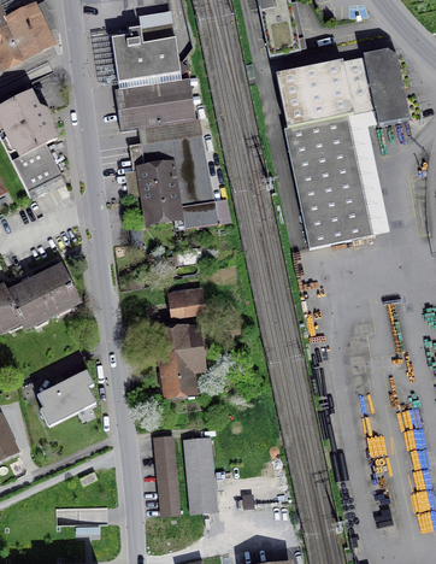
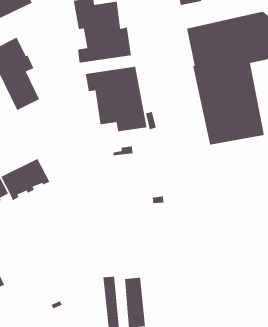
building: [169,289,201,311] -> none
building: [160,324,201,393] -> none
building: [39,369,94,419] -> none

